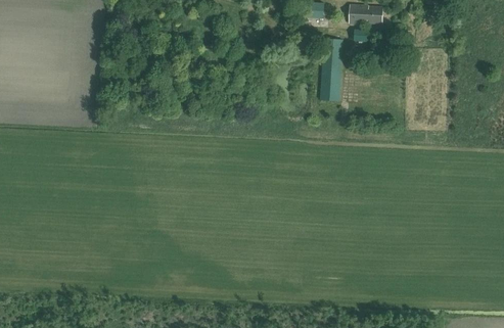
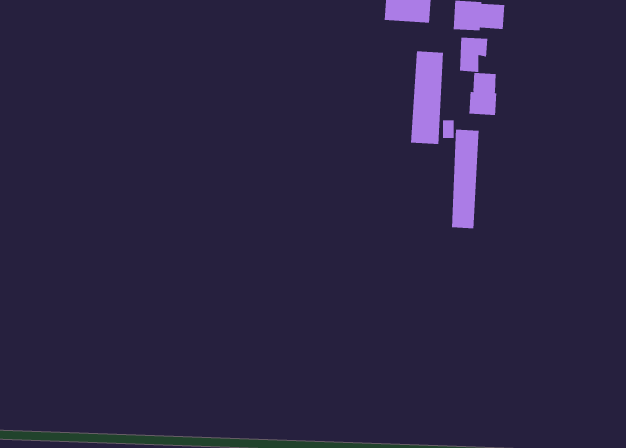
building: none -> [469,72,497,116]
building: none -> [451,129,479,229]

